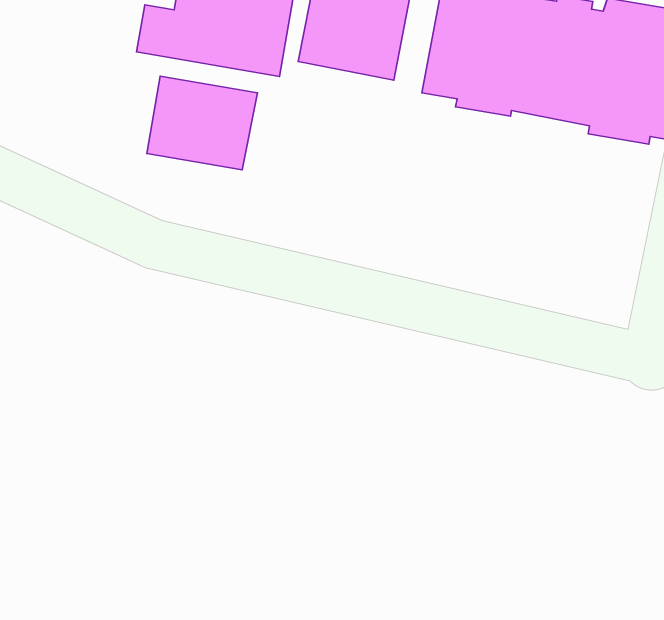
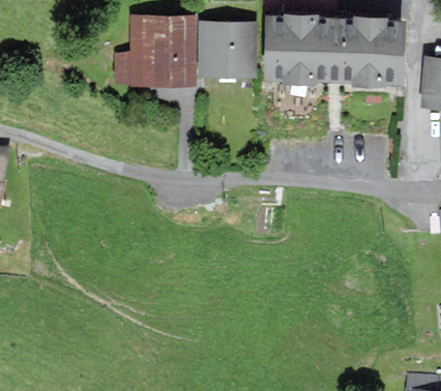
building: [147,76,258,170] -> none

